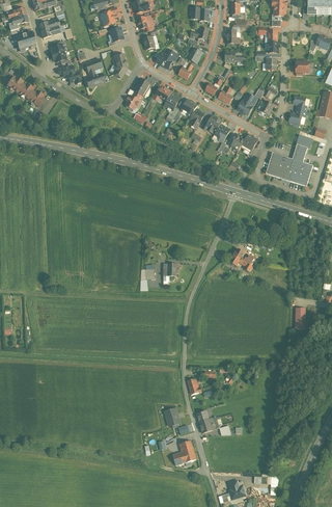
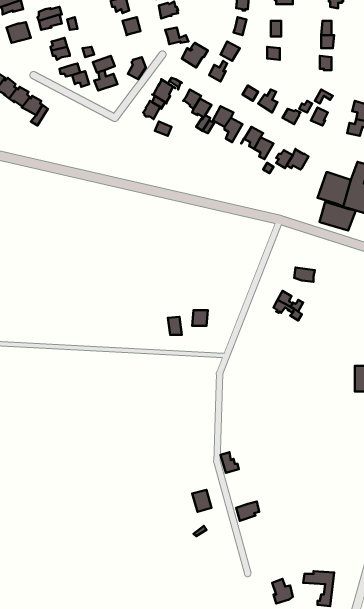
building: none -> [319,202,356,230]
building: [167,439,196,465] -> none

